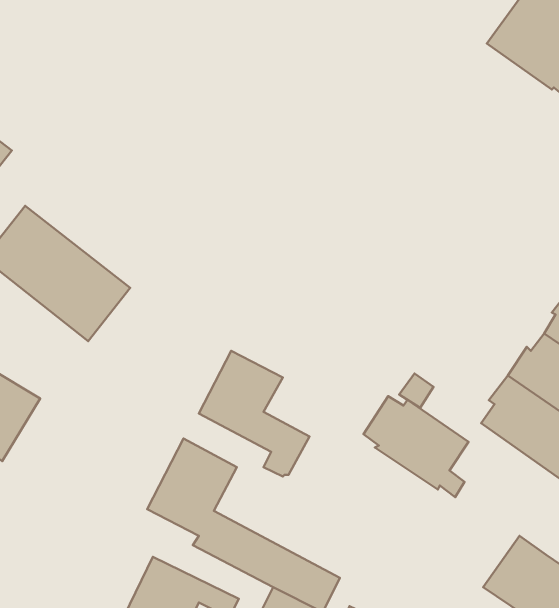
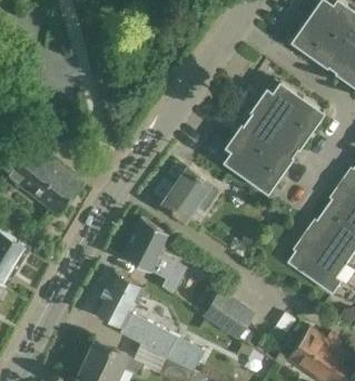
building: none -> [221,79,325,194]
building: none -> [161,167,217,222]
building: [363,396,468,497] -> [194,285,255,344]

